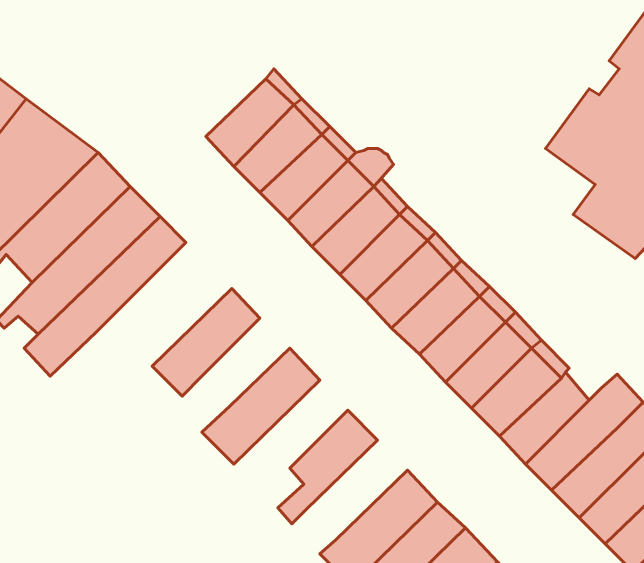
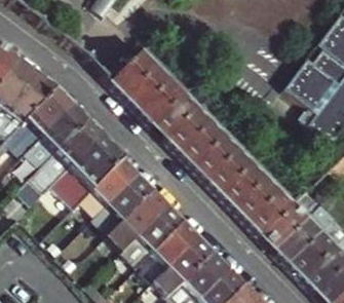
building: none -> [54,136,124,205]
building: none -> [109,175,154,220]
building: none -> [125,206,184,265]
building: none -> [149,237,215,296]

